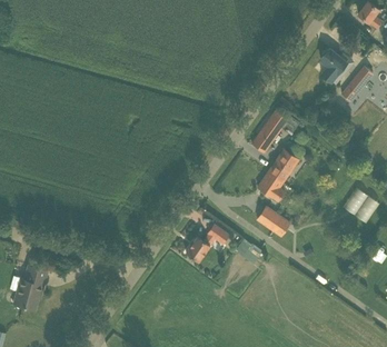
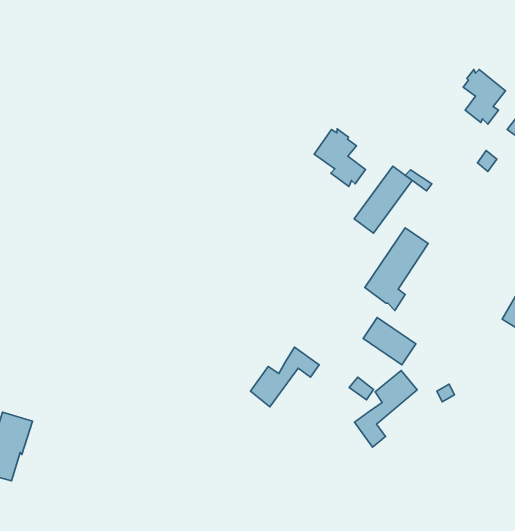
building: none -> [314,129,366,186]
building: none -> [355,371,417,447]

